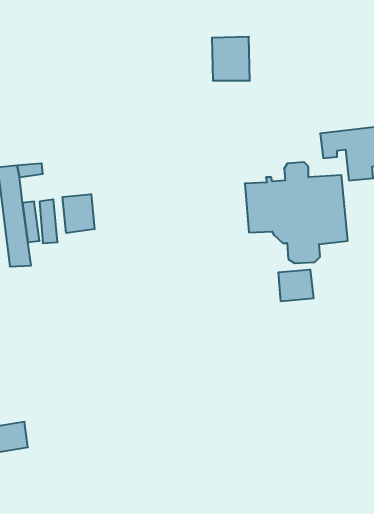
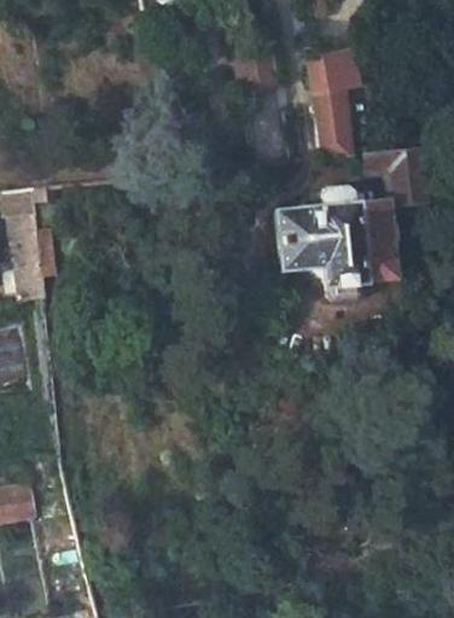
building: none -> [309,52,353,158]
building: [63,194,95,233] -> none
building: [278,269,313,301] -> none

